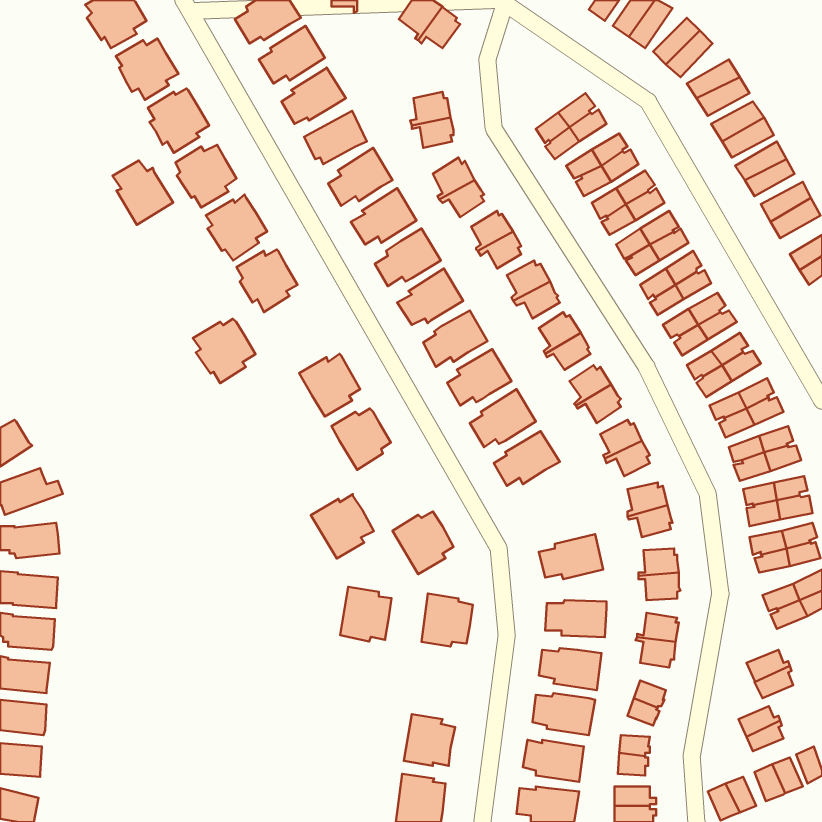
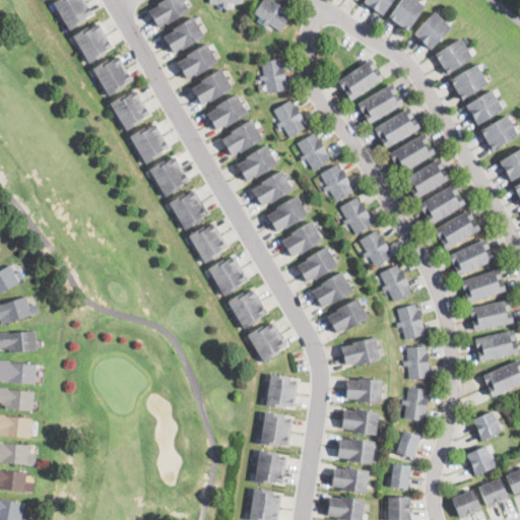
building: [112,160,173,225] -> none
building: [193,319,255,383] -> [169,190,208,231]
building: none -> [327,299,369,333]
building: [311,494,374,558] -> [228,289,267,330]
building: [340,587,392,642] -> [260,412,292,447]

